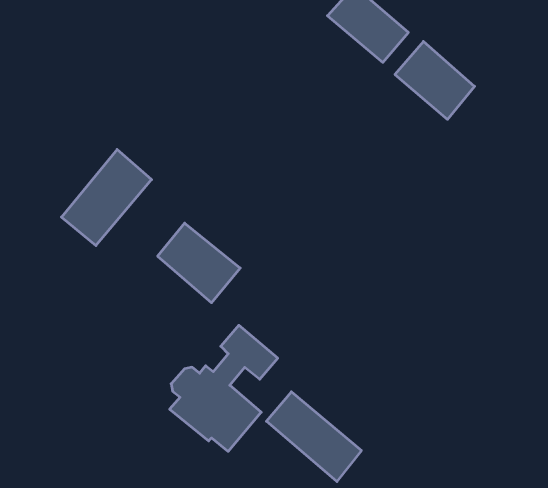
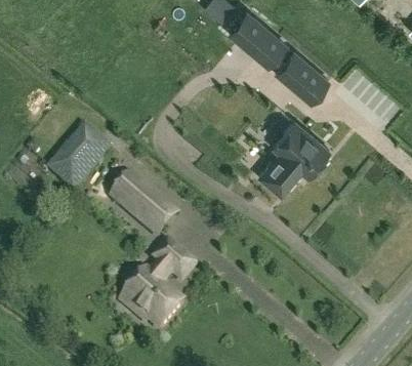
building: none -> [258,124,329,198]
building: [266,392,361,482] -> none

